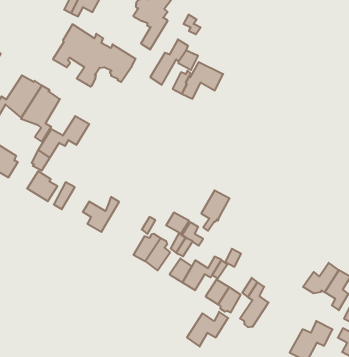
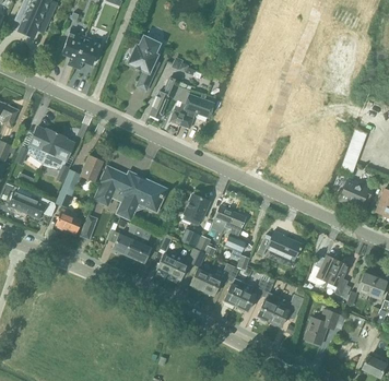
building: [53,24,136,87] -> [93,166,165,218]
building: none -> [181,193,208,225]
building: none -> [223,211,245,252]
building: none -> [125,226,151,263]
building: none -> [256,230,299,266]
building: [187,312,228,347] -> [268,294,302,326]

